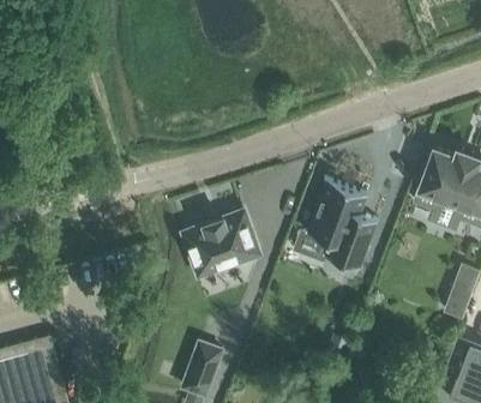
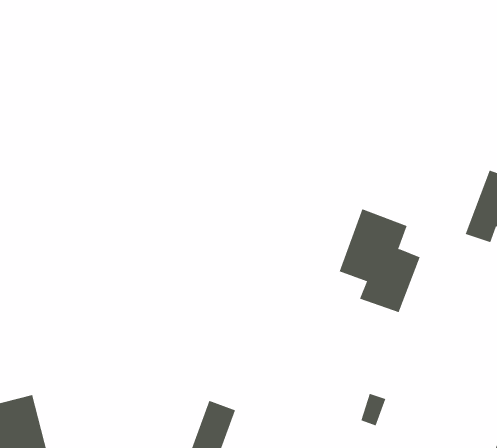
building: [185,213,258,276] -> none

